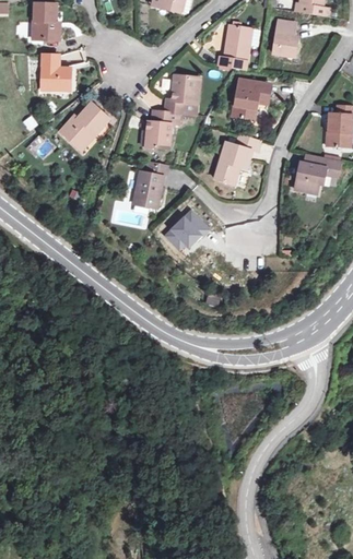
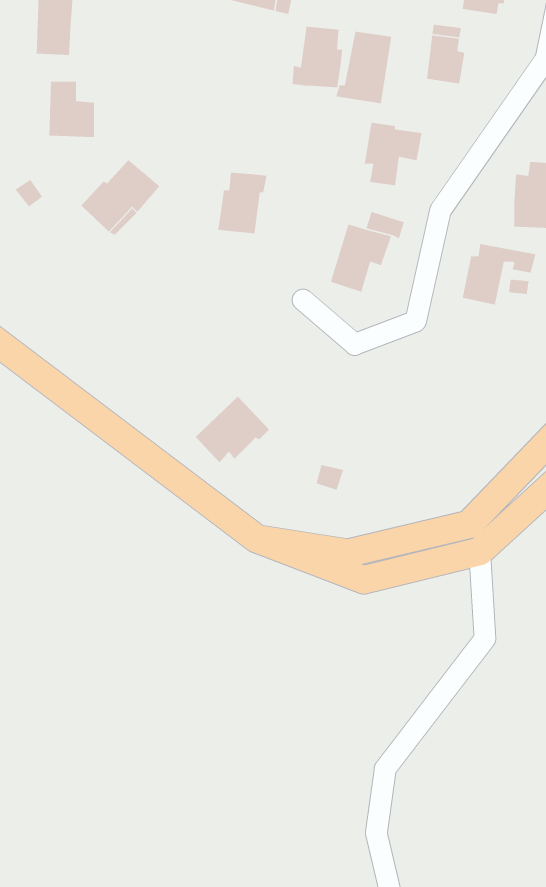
building: [166,75,198,114] -> [291,26,343,88]
building: [133,171,163,209] -> none
building: [164,209,210,250] -> [195,396,270,463]

